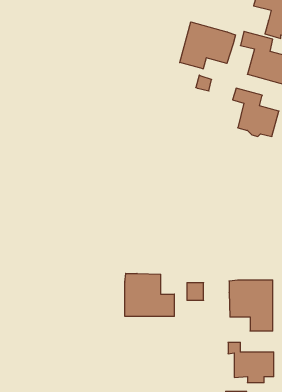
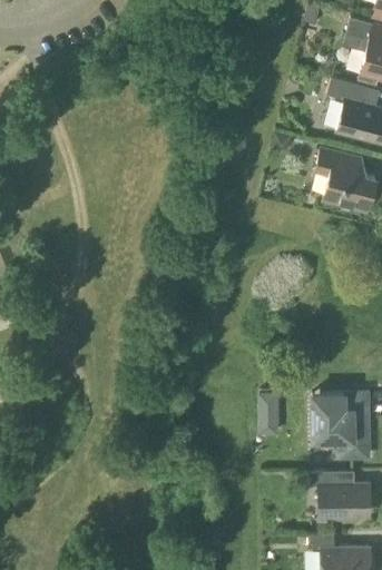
building: [180,22,236,69] -> none
building: [125,273,174,316] -> none

